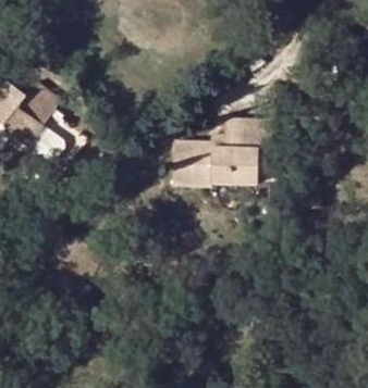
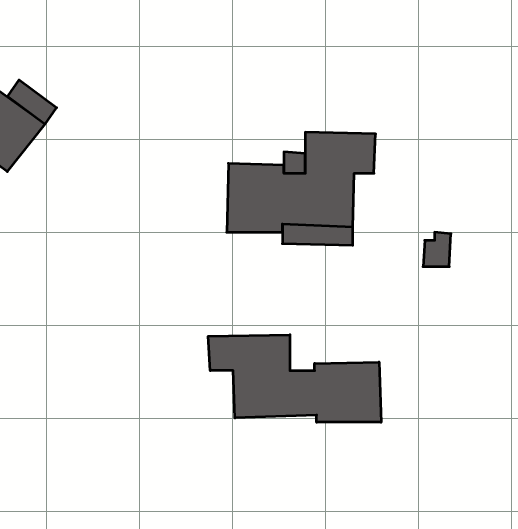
building: none -> [208,335,381,422]

